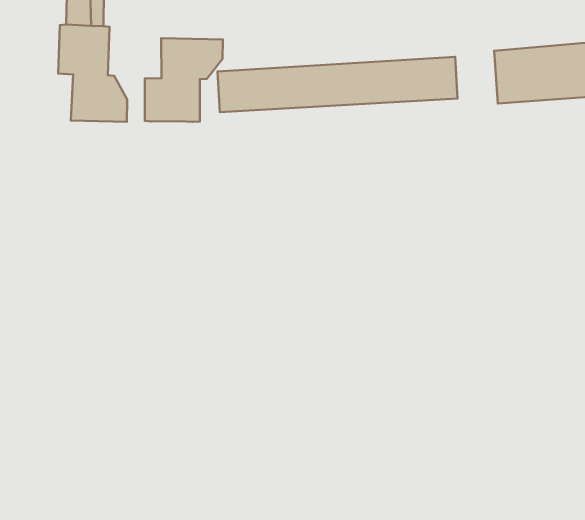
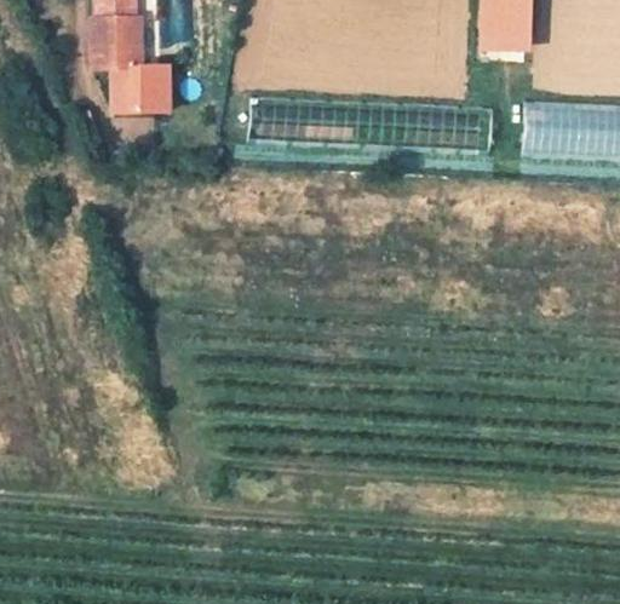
building: [145,38,223,122] -> none

